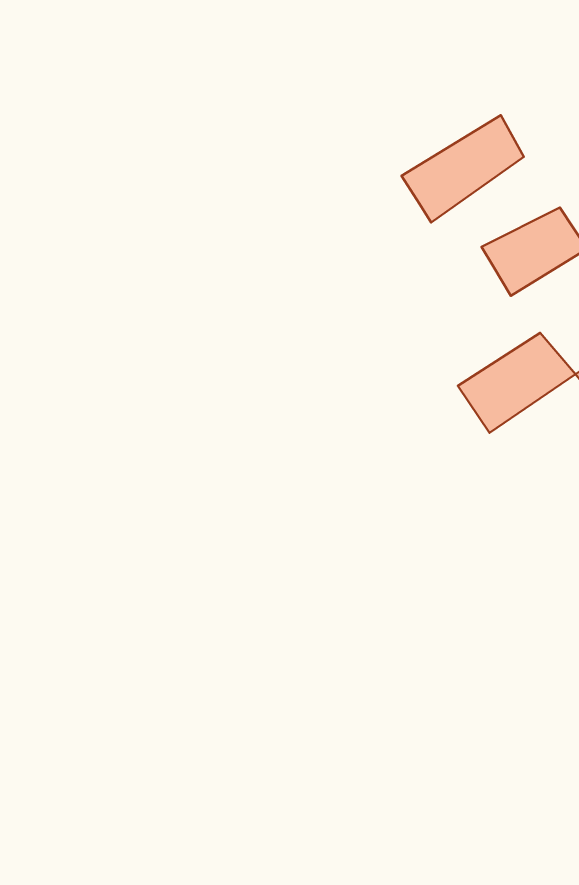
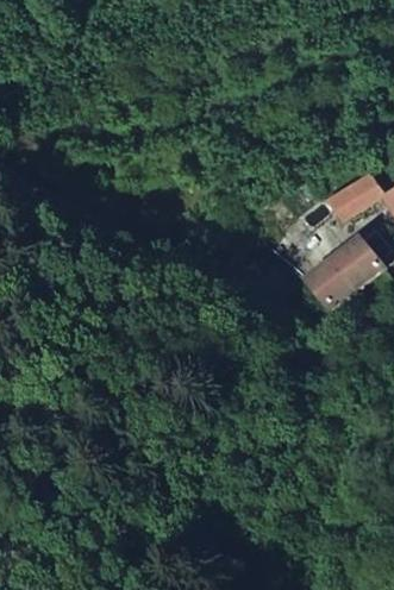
building: [402,115,524,223] -> none

